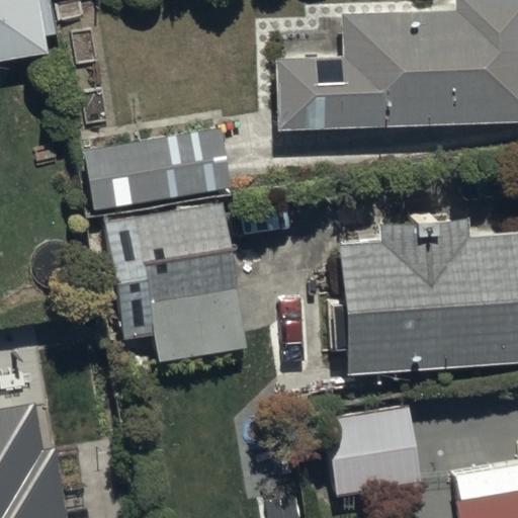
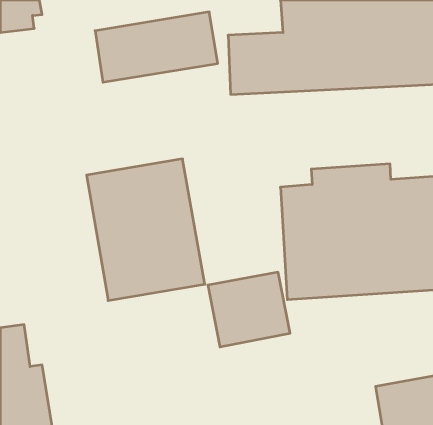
building: [84,126,229,209] -> [95,12,218,82]
building: [324,407,421,495] -> [208,272,290,347]

